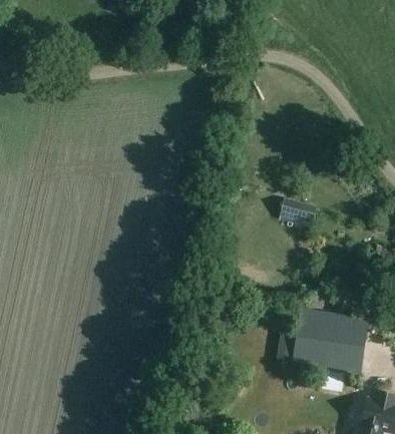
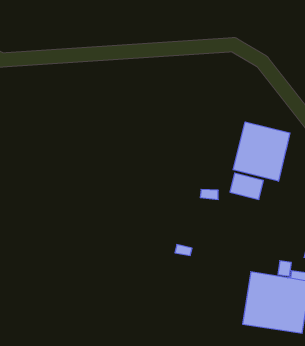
building: none -> [233,122,290,181]

